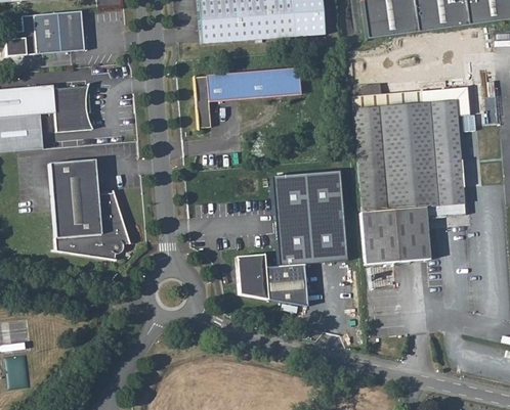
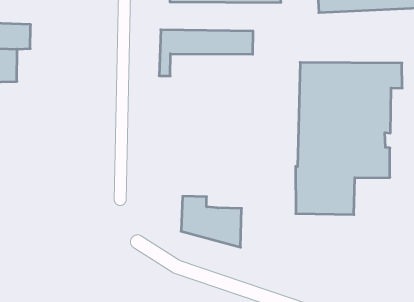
building: [53,84,93,130] -> none
building: [48,157,128,258] -> none
building: [272,172,347,267] -> none

